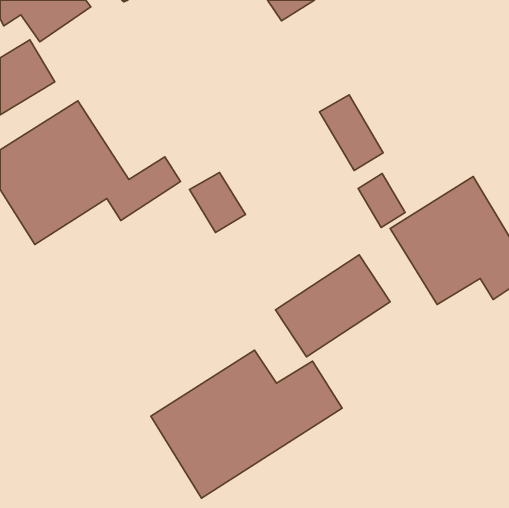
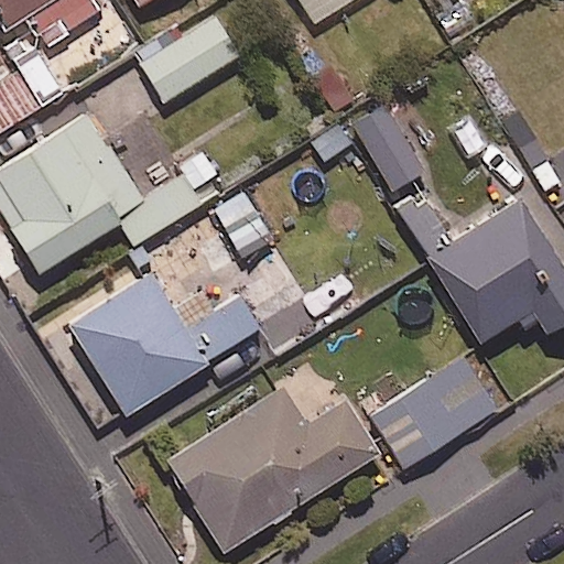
building: none -> [140,18,238,101]
building: none -> [54,271,260,421]
building: [275,255,390,357] -> [370,356,497,468]

